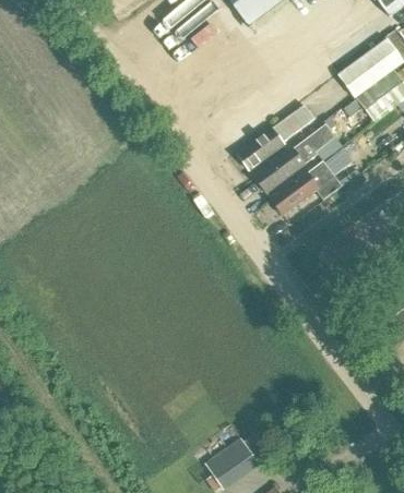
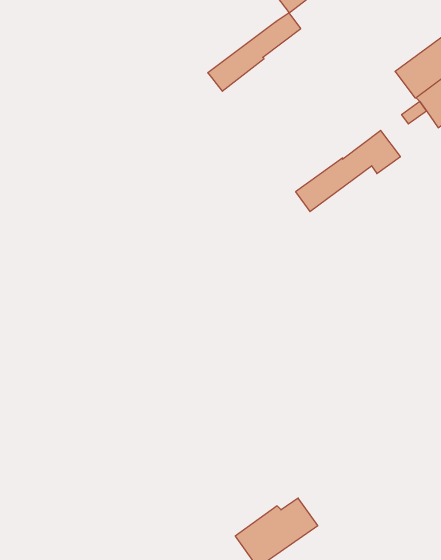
building: [237,104,314,169] -> [208,13,301,91]
building: [272,160,341,213] -> none

